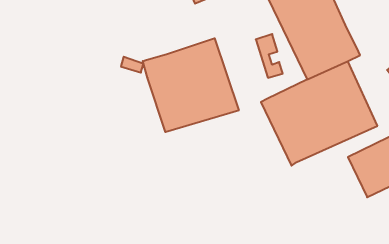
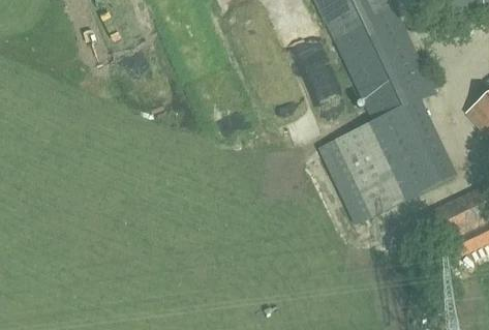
building: [143,38,239,132] -> none

